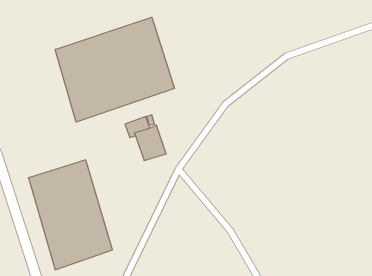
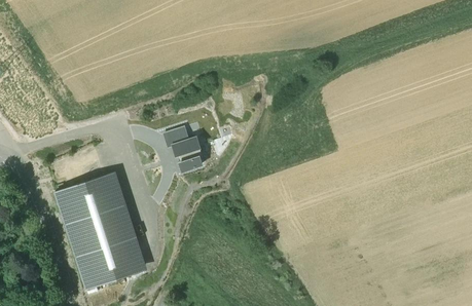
building: [55,17,174,122] -> none

